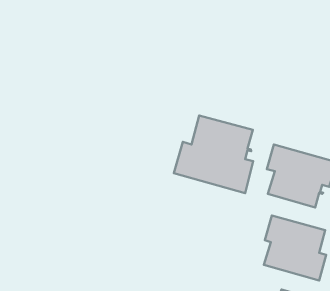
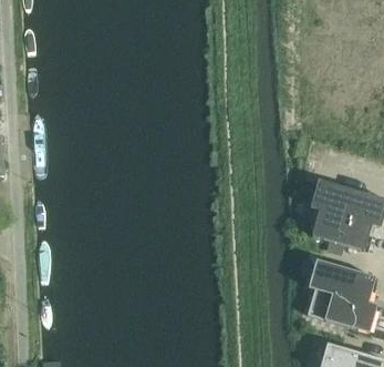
building: [174,115,253,193] -> none

